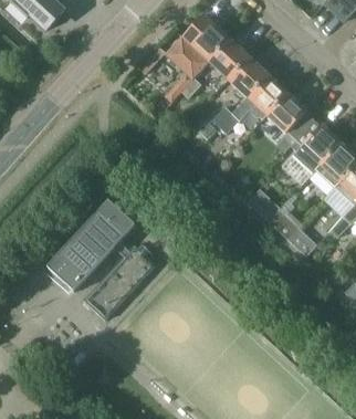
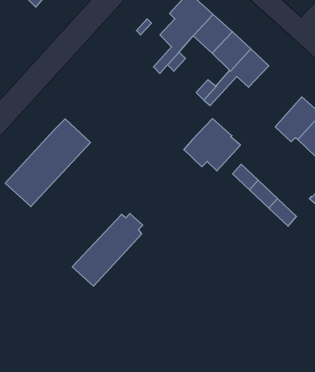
building: [256,92,315,146] -> [184,119,240,171]
building: [46,200,135,291] -> [5,119,91,207]

